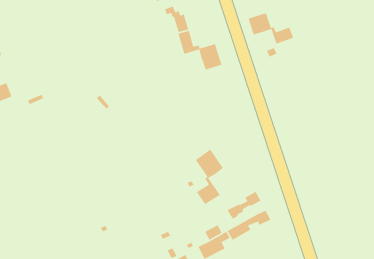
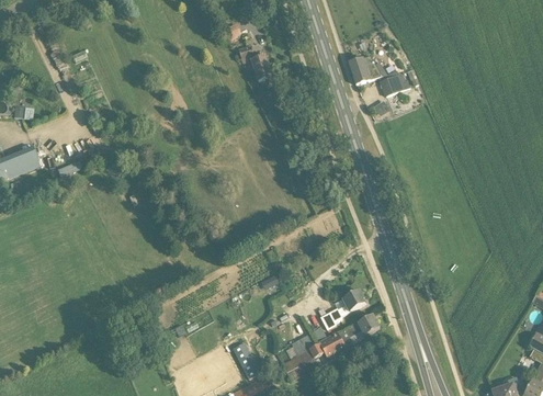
building: [178,30,223,71] -> none
building: [195,149,224,205] -> none

